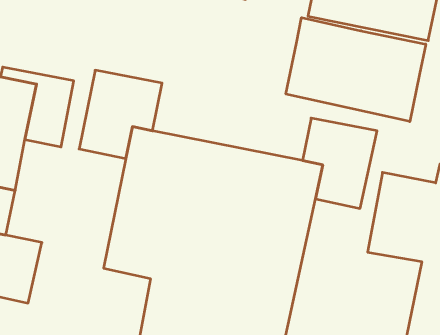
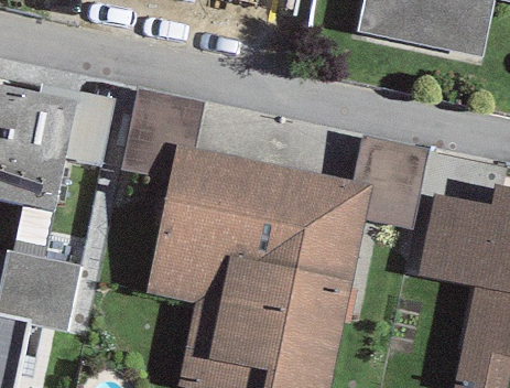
building: [286,18,426,122] -> none

